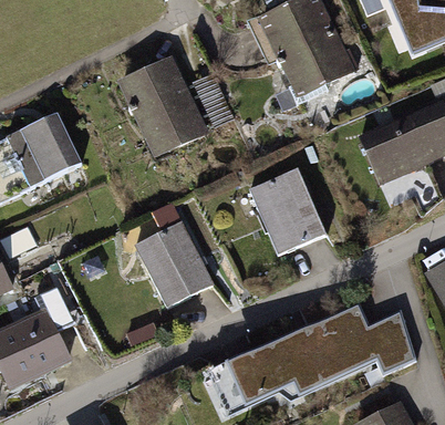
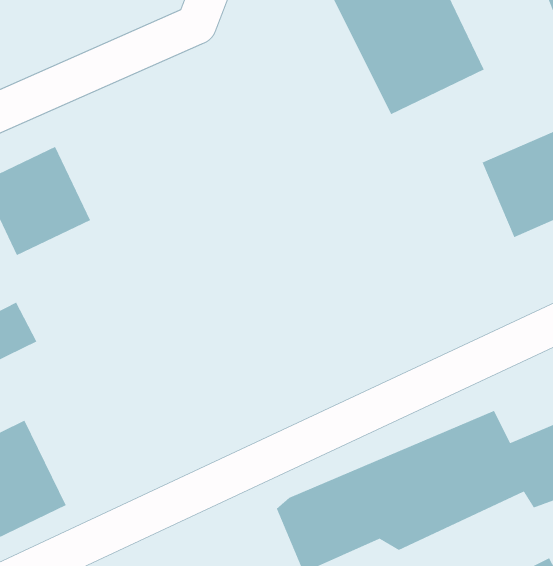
building: [115,55,208,158] -> none
building: [246,170,322,258] -> none
building: [128,222,210,310] -> none

